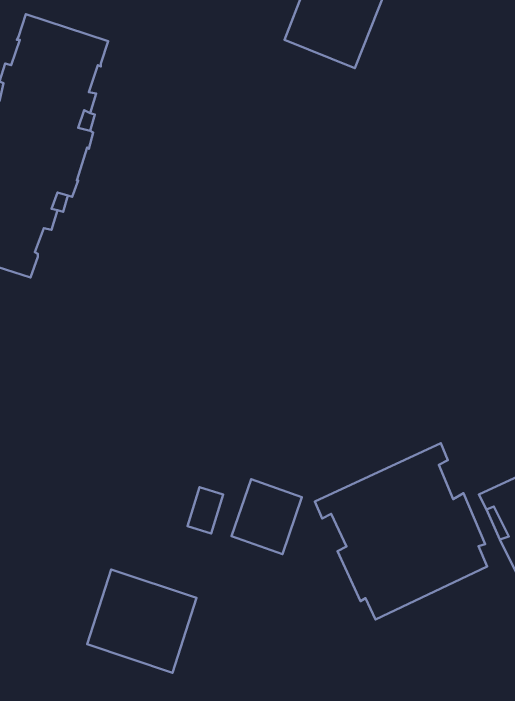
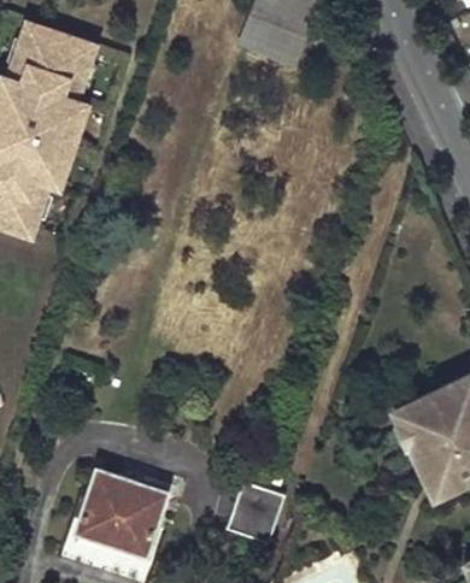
building: [315,443,487,620] -> none
building: [232,479,302,554] -> [227,479,283,540]

